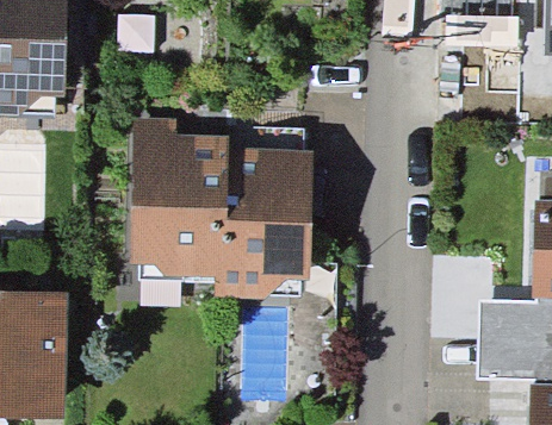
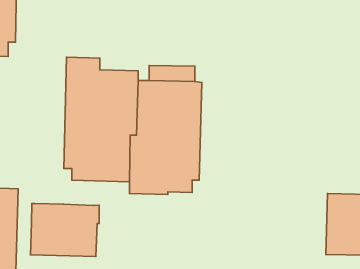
building: none -> [30,203,99,256]

